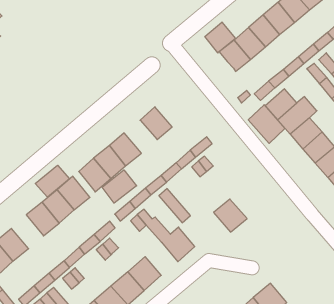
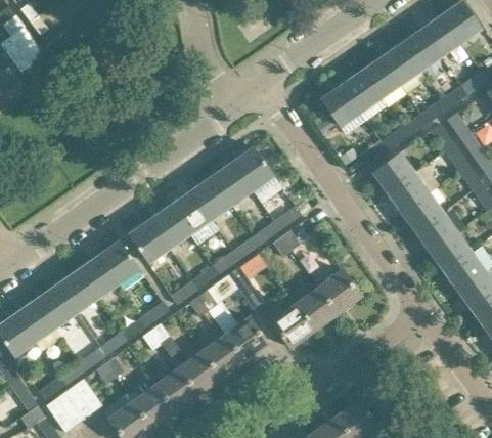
building: [205,22,236,53] -> none
building: none -> [233,147,282,203]
building: [248,105,285,143] -> none
building: none -> [191,177,232,219]
building: [35,165,70,197] -> none
building: [102,170,137,203] -> none
building: none -> [318,270,361,314]
building: none -> [271,303,315,348]
building: none -> [37,284,77,327]
building: none -> [204,335,244,377]

